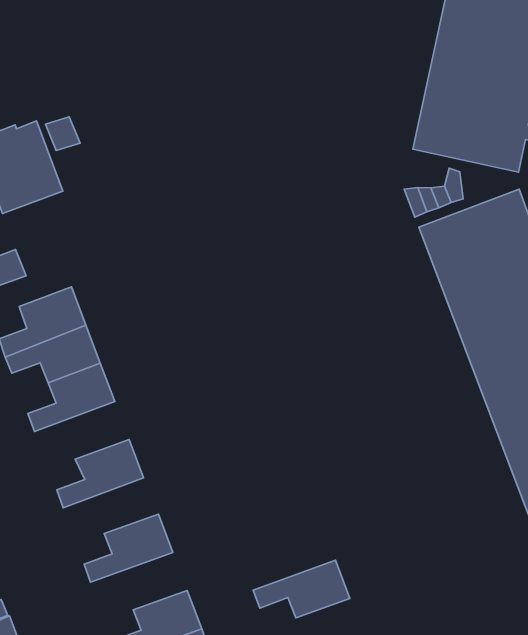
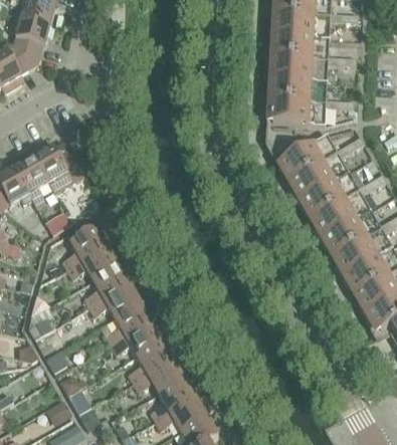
building: none -> [89,284,141,318]
building: none -> [112,322,163,356]
building: [253,560,350,618] -> [133,360,185,394]

